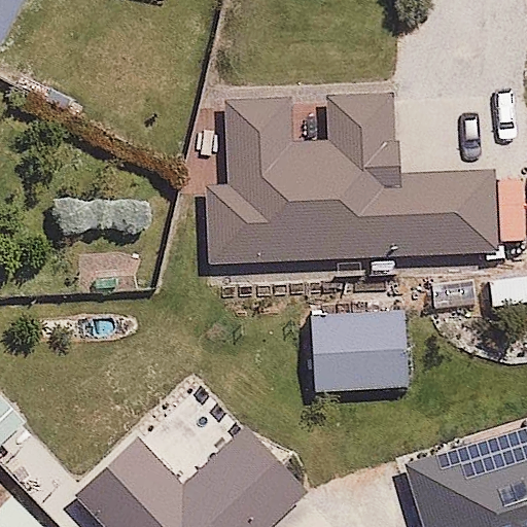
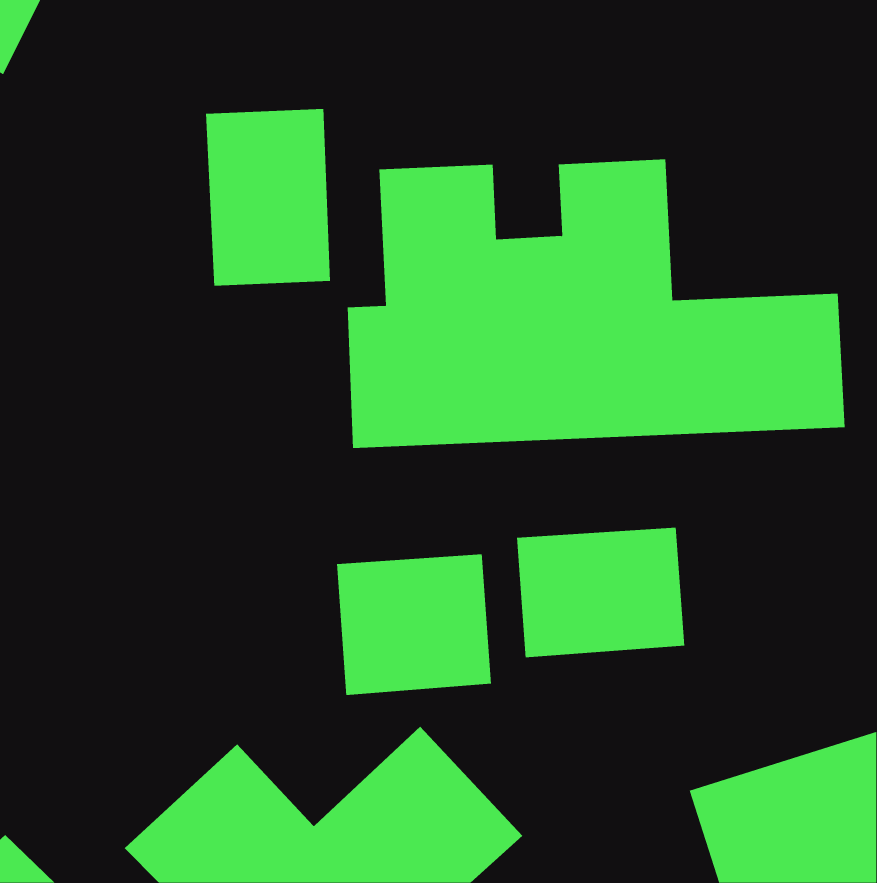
building: none -> [205,108,331,286]
building: none -> [336,553,491,696]

